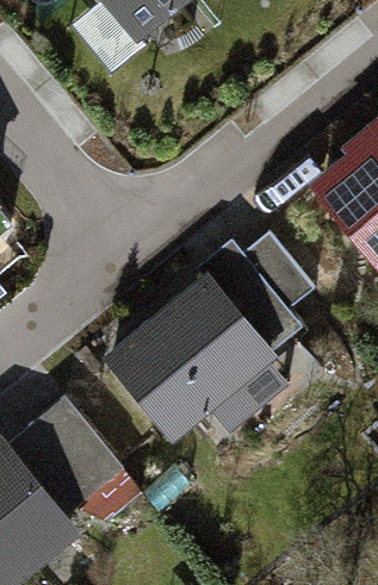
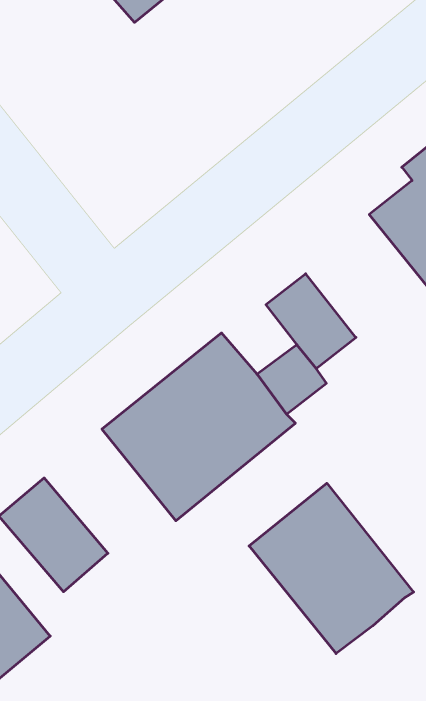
building: none -> [249,483,414,654]

